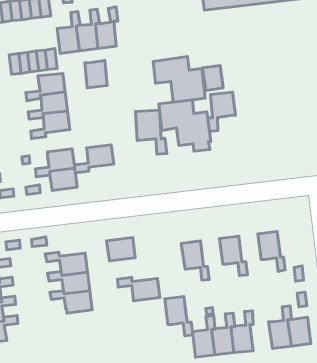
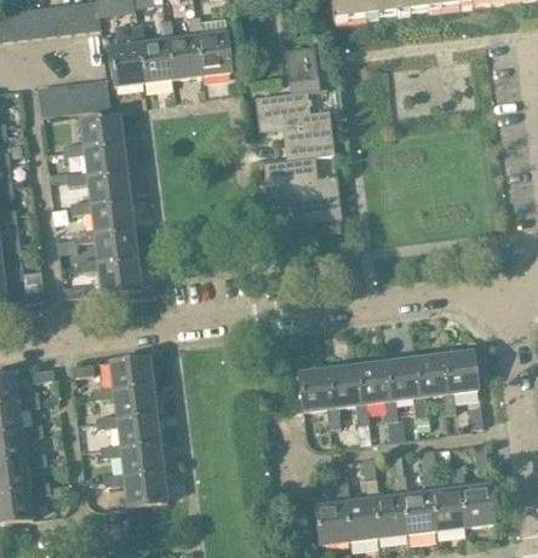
building: [85,61,107,88] -> [196,33,230,74]
building: [202,66,223,90] -> [287,45,319,82]
building: [208,92,236,131] -> none
building: [136,110,167,154] -> none
building: [75,145,114,173] -> [74,200,133,242]
building: none -> [443,350,479,392]
building: none -> [385,357,428,418]
building: [106,238,135,261] -> [109,356,153,391]
building: [117,278,160,301] -> [103,471,167,506]
building: [165,296,193,336] -> [327,364,370,424]
building: none -> [402,470,436,534]

